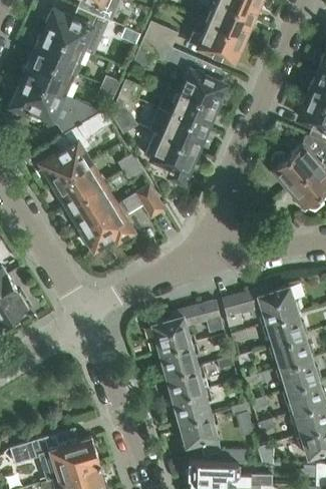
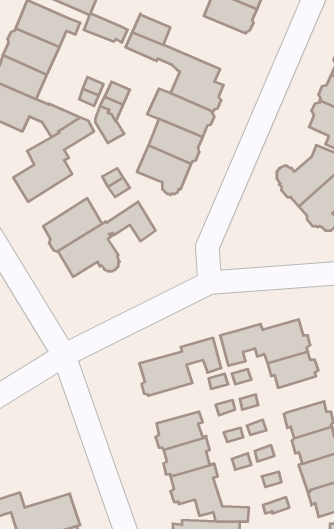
building: [189,23,244,61] -> none
building: [54,160,105,205] -> none
building: [269,336,313,368] -> none
building: [158,342,203,377] -> none

